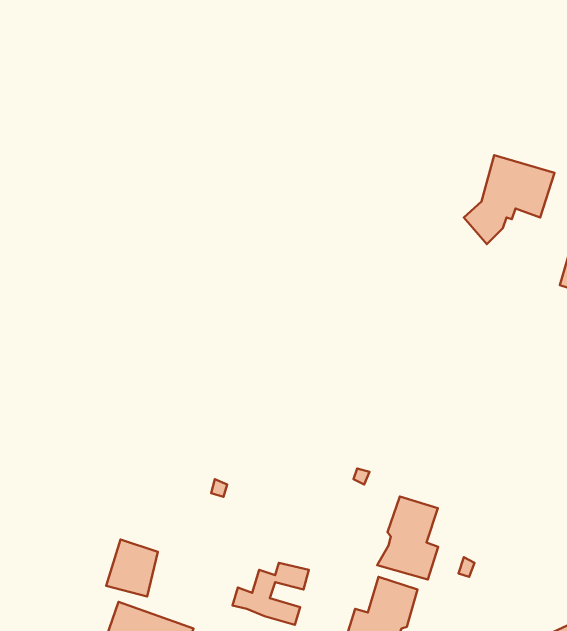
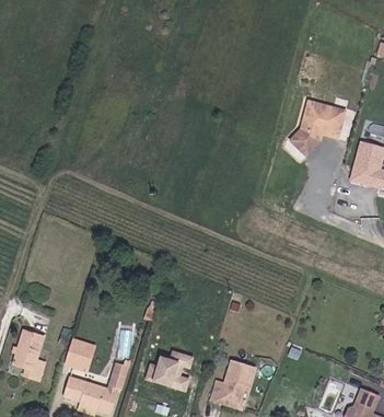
building: [377,496,438,580] -> none
building: none -> [18,329,48,384]

